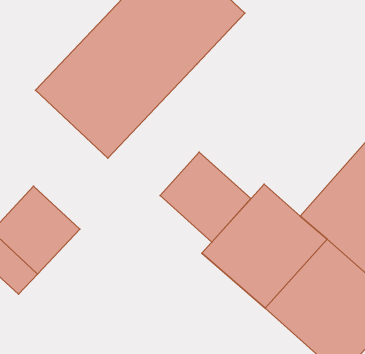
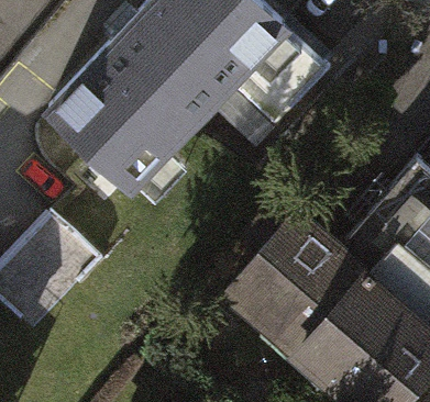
building: none -> [224,25,323,124]
building: [160,152,251,242] -> none

